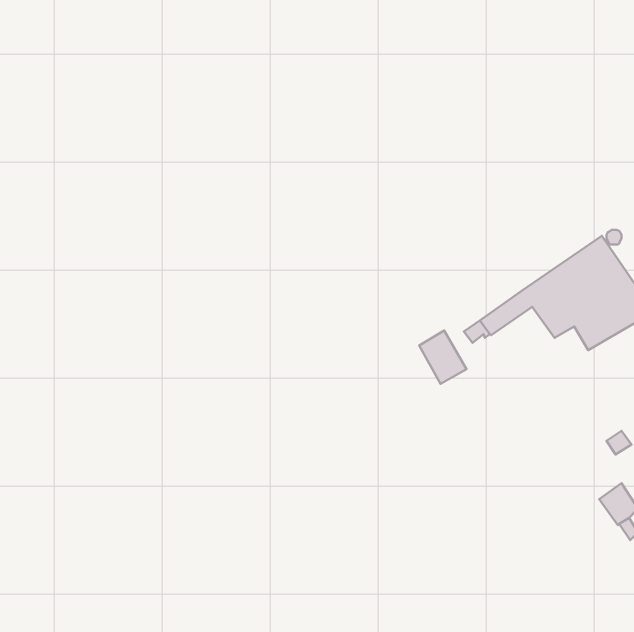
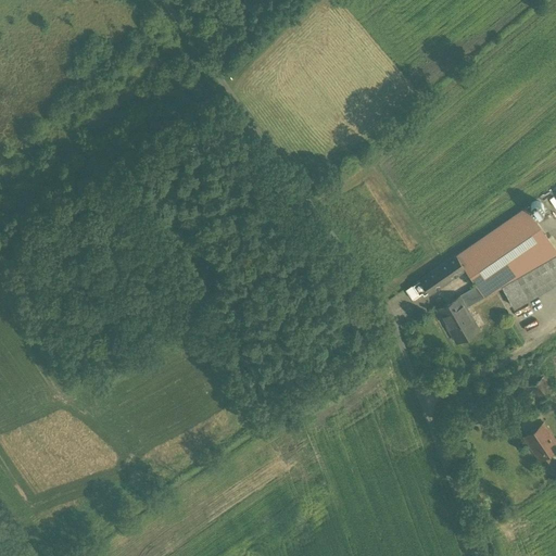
building: [419,331,466,384] -> [439,298,480,344]

